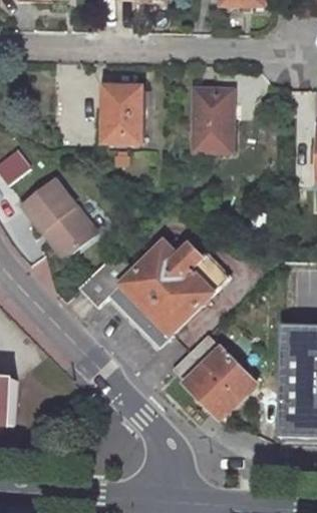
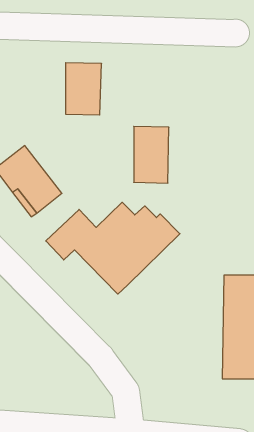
building: [193,88,232,151] -> [134,126,169,183]
building: [172,332,259,418] -> none

